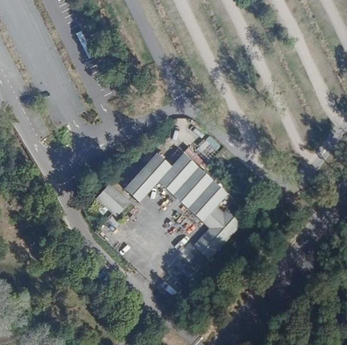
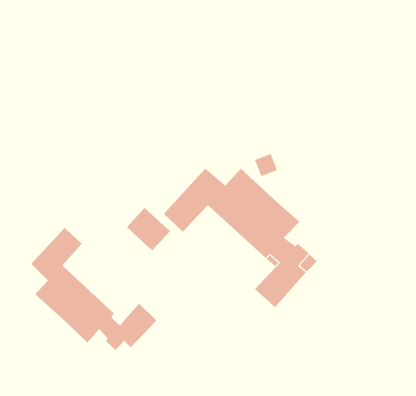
building: none -> [30,227,157,351]

